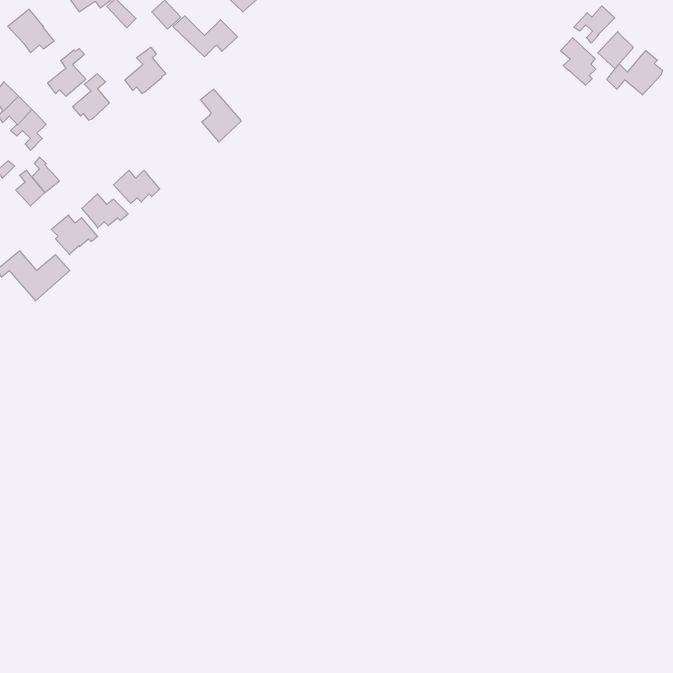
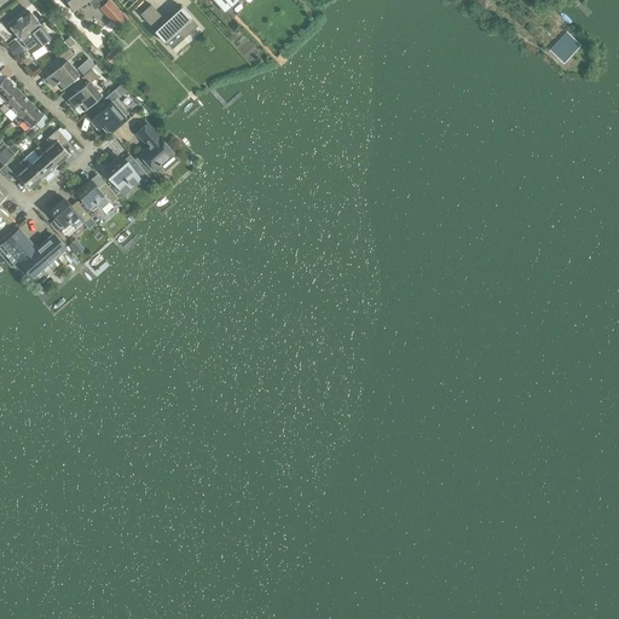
building: [574,6,615,43] -> none
building: [561,38,596,85] -> none
building: [125,47,166,93] -> [89,88,127,131]
building: [607,50,662,95] -> none
building: [200,89,241,142] -> [134,122,172,170]
building: none -> [41,128,68,166]

